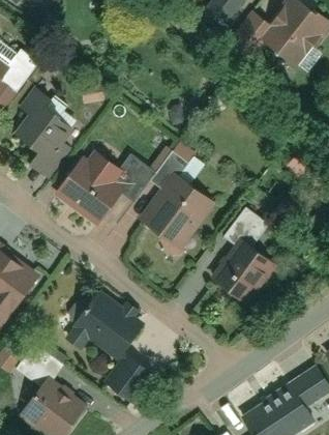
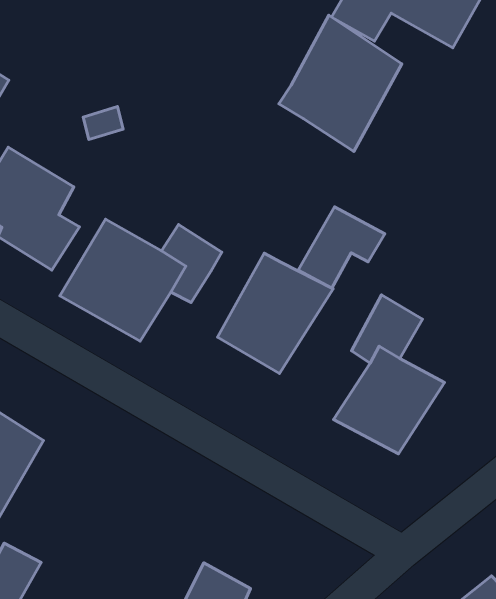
building: none -> [279,15,402,151]
building: [146,151,199,199] -> [298,207,385,288]
building: [69,287,145,357] -> none

